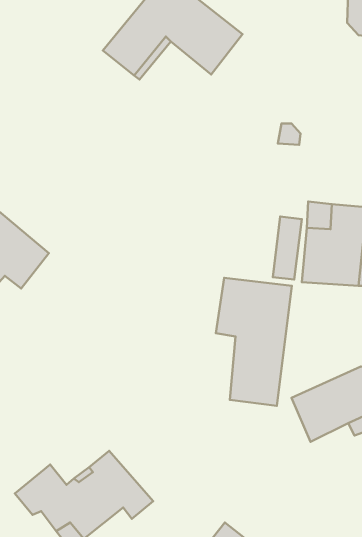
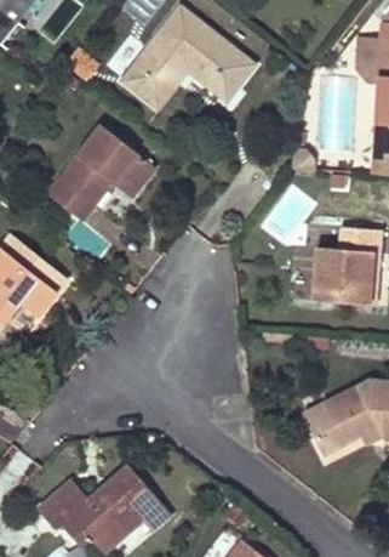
building: none -> [47,125,149,214]
building: [216,278,292,406] -> none

